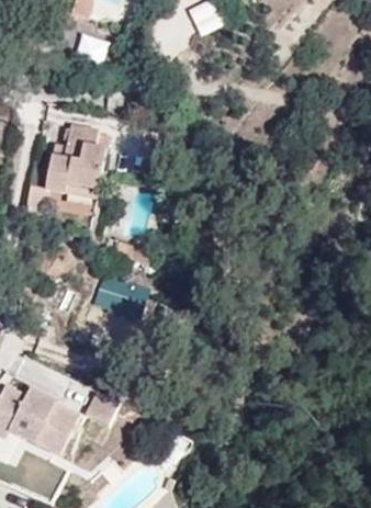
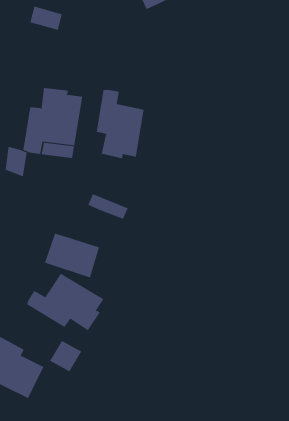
building: none -> [96,89,144,159]
building: none -> [27,273,104,331]

